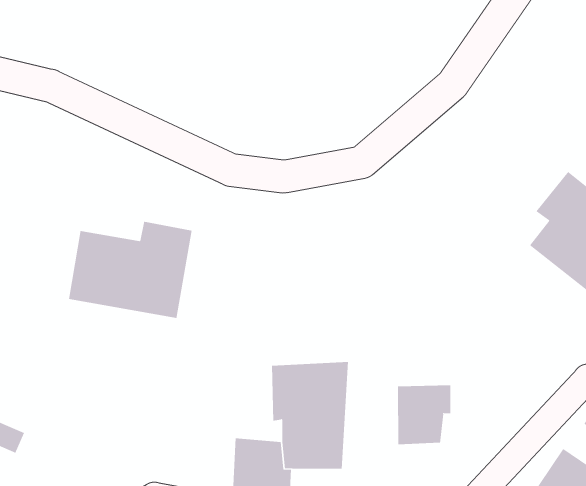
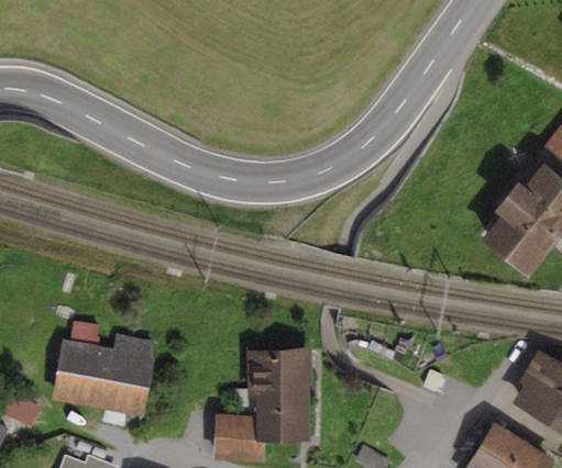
building: [68,221,193,318] -> [52,334,157,416]
building: [397,385,451,445] -> none

